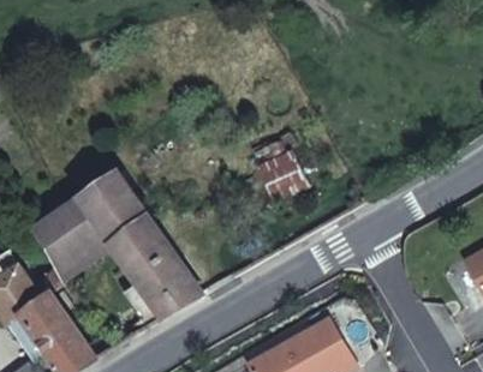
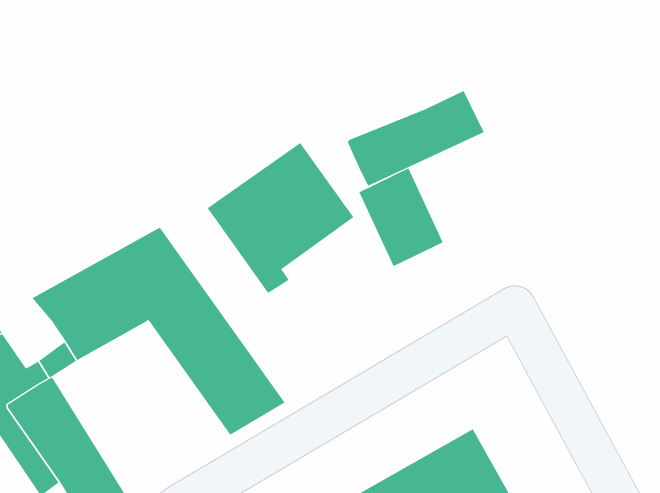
building: none -> [347,90,484,187]
building: none -> [207,142,354,294]

